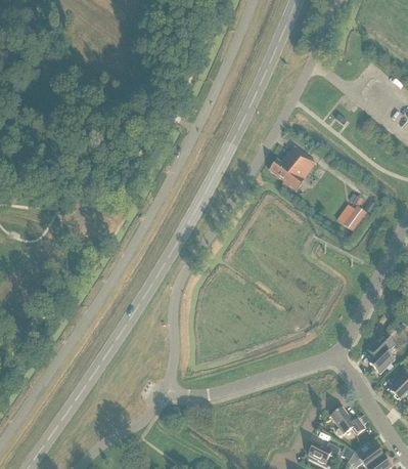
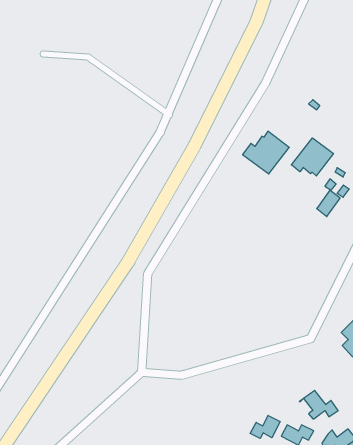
building: none -> [291,138,333,176]
building: none -> [250,415,280,438]

